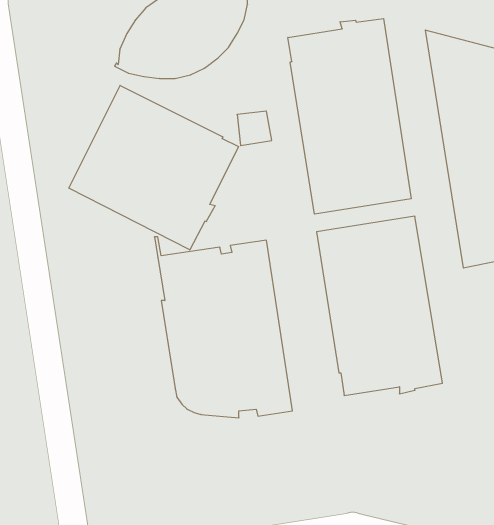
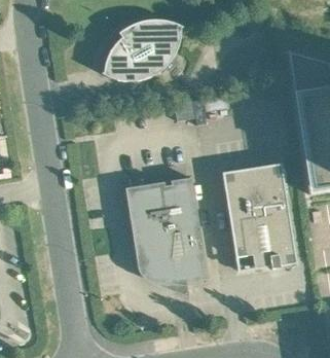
building: [288,19,411,214] -> none
building: [69,85,238,250] -> none

